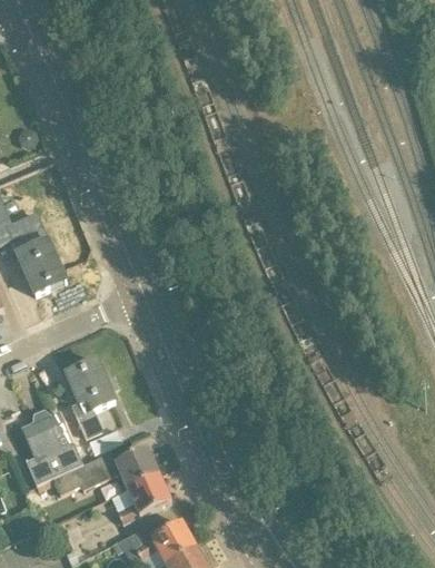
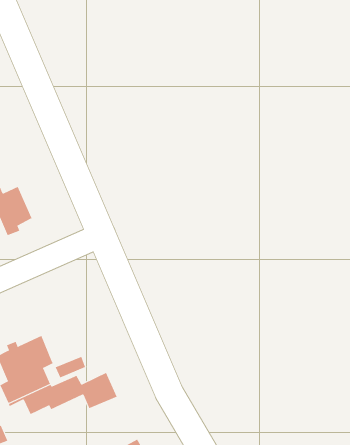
building: [65,358,115,434] -> none
building: [117,473,170,521] -> none

